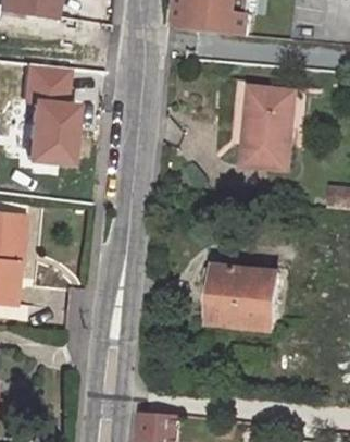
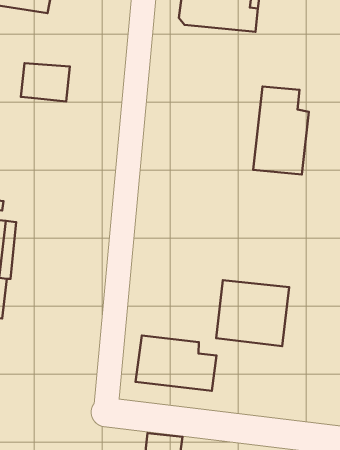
building: [33,97,88,158] -> none
building: none -> [136,336,217,391]

